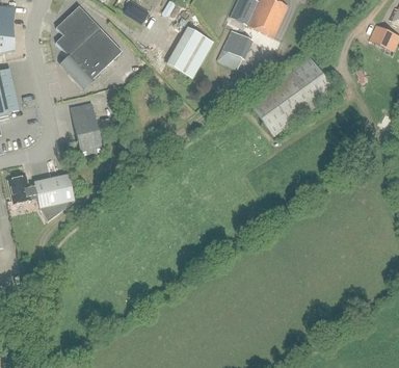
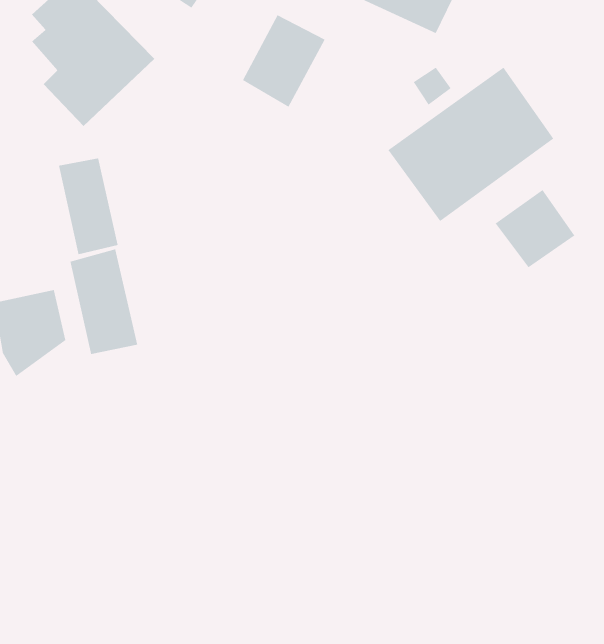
building: [216,30,252,69] -> none
building: none -> [495,189,575,268]
building: none -> [70,248,138,355]

